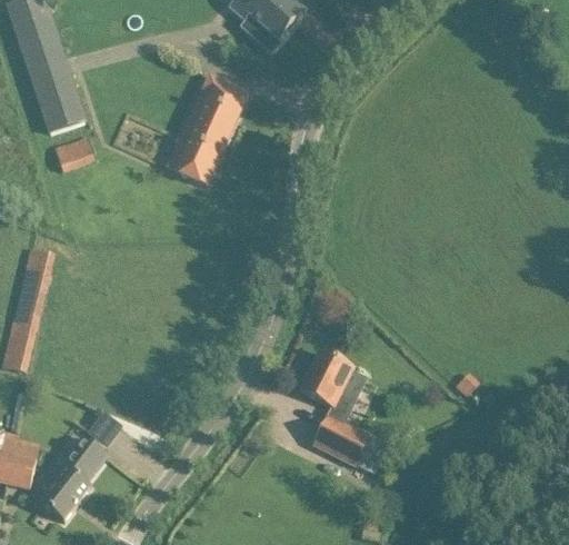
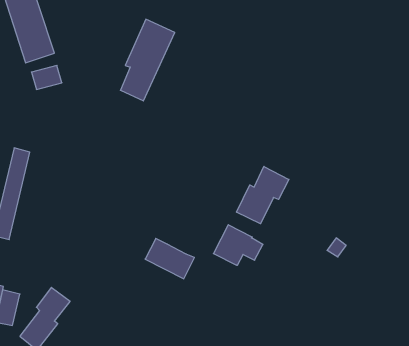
building: none -> [237,166,289,224]
building: [87,410,121,445] -> none
building: [315,417,381,472] -> [145,238,194,279]

